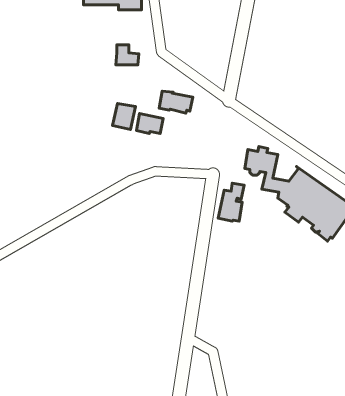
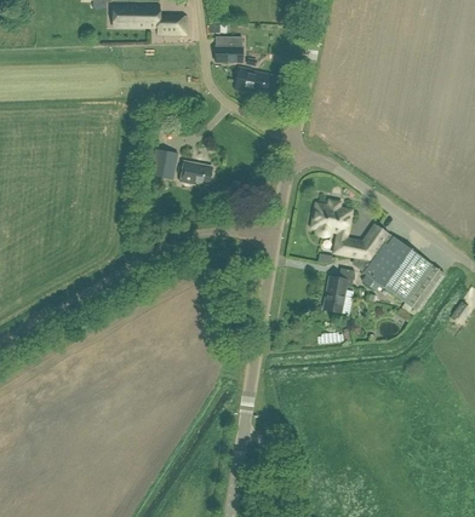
building: [116,45,139,65] -> [214,35,242,59]
building: [159,91,193,113] -> [234,67,275,93]
building: [218,183,244,221] -> [322,266,354,312]

